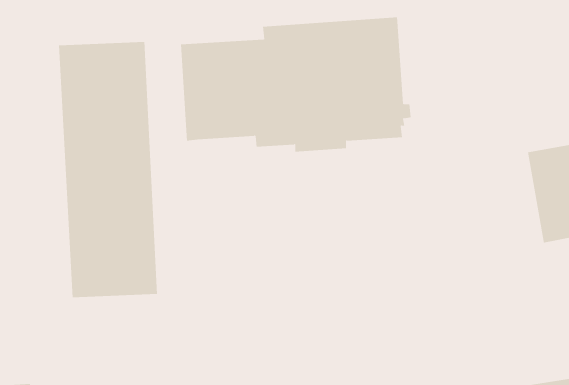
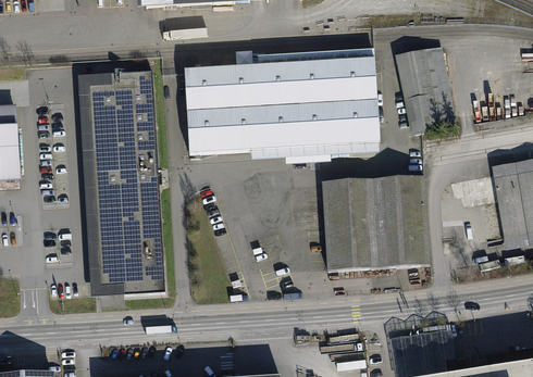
building: none -> [398,45,457,130]
building: none -> [320,175,429,268]

